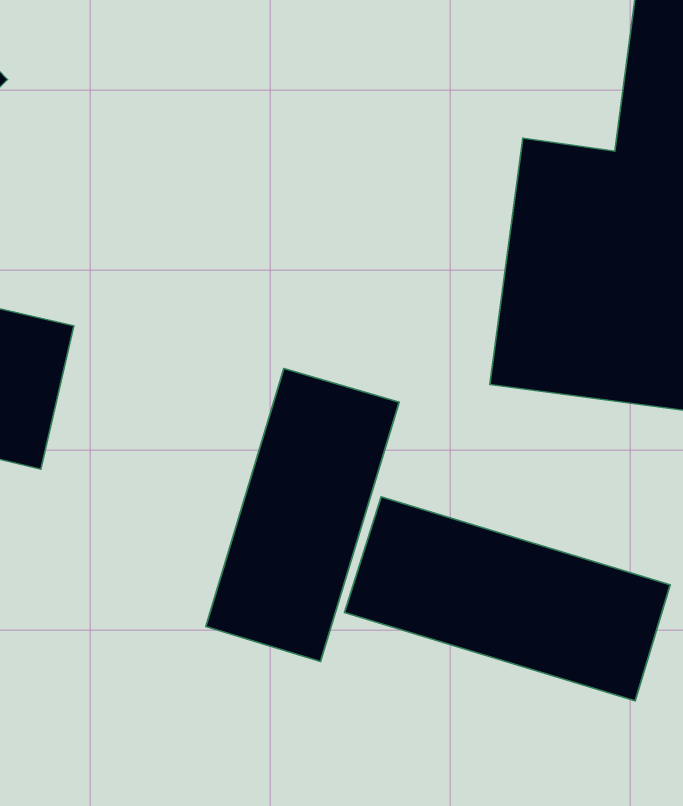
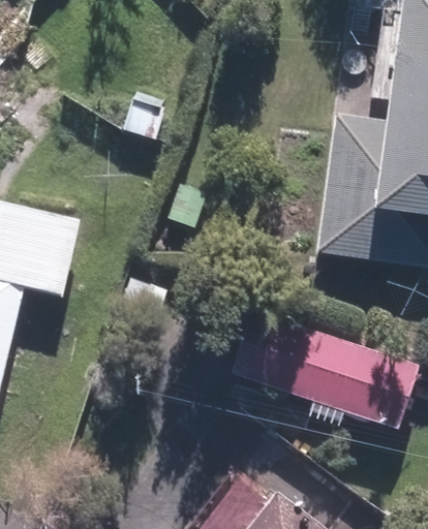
building: [206,369,399,661] -> none

